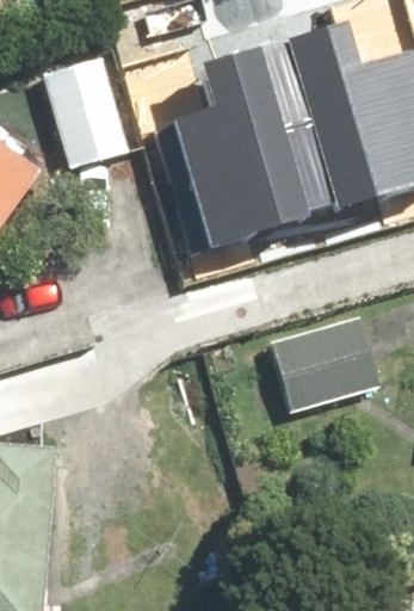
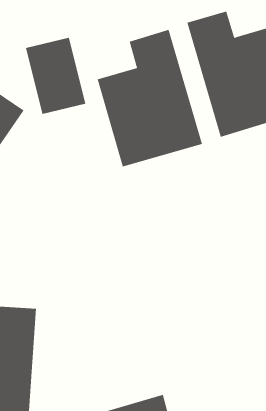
building: [259,311,381,416] -> none

